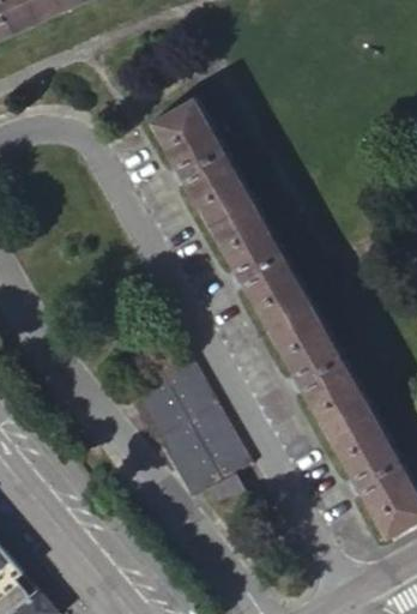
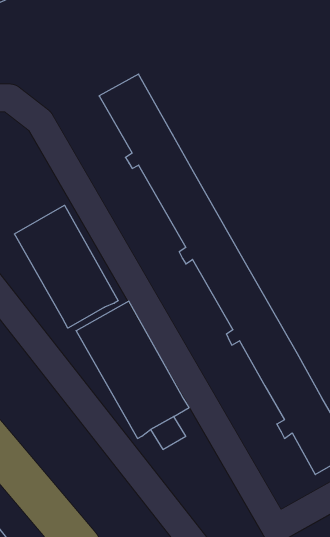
building: none -> [14,205,118,328]

